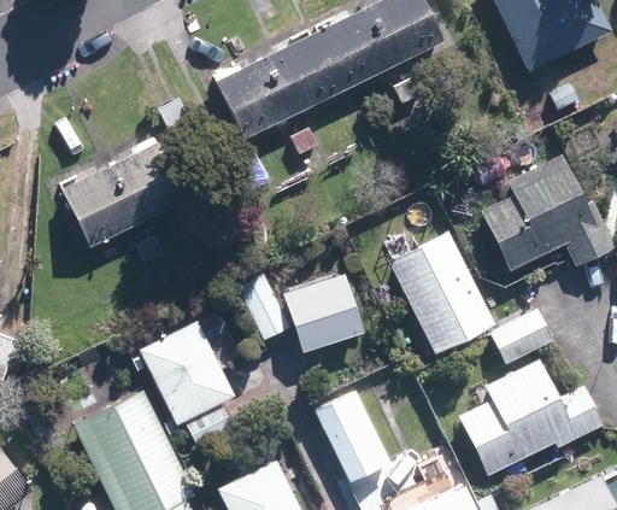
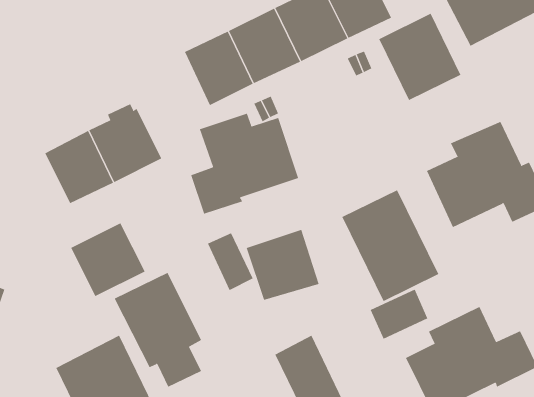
building: none -> [378,13,461,101]
building: none -> [190,113,299,215]
building: none -> [71,223,145,297]
building: [490,309,554,364] -> [370,289,428,340]

